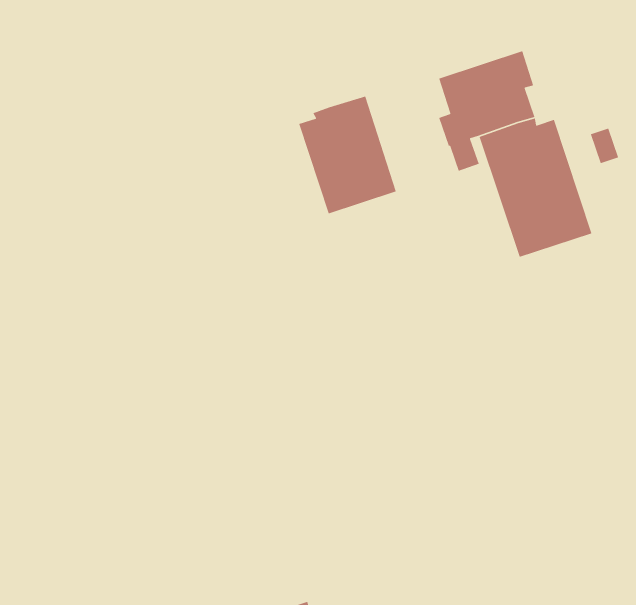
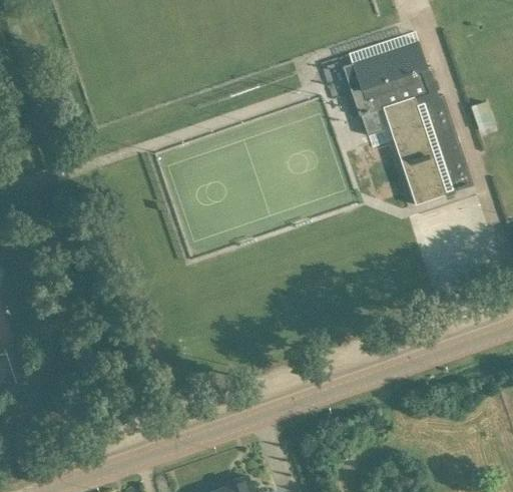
building: [298,95,397,214] -> none

